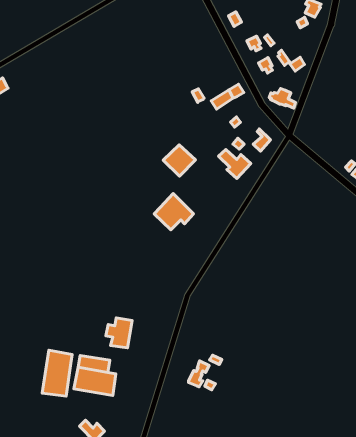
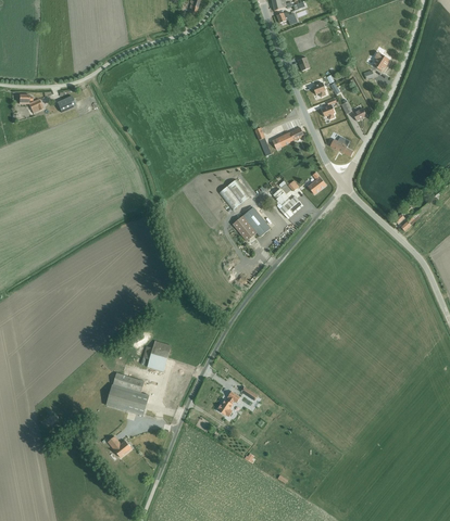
building: [154,194,193,230] -> [233,206,271,241]
building: [42,350,72,396] -> none

